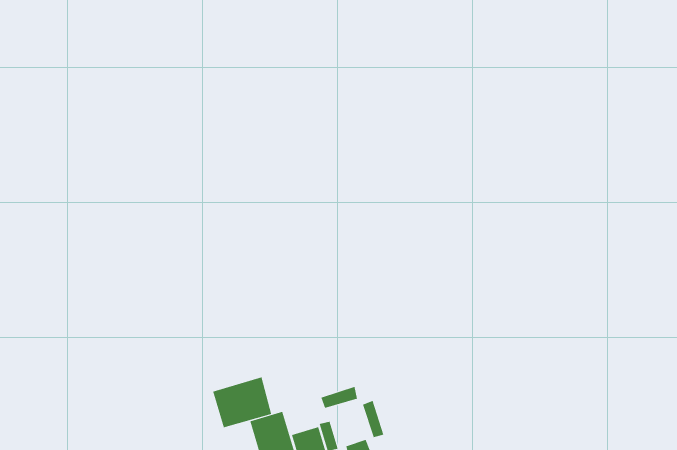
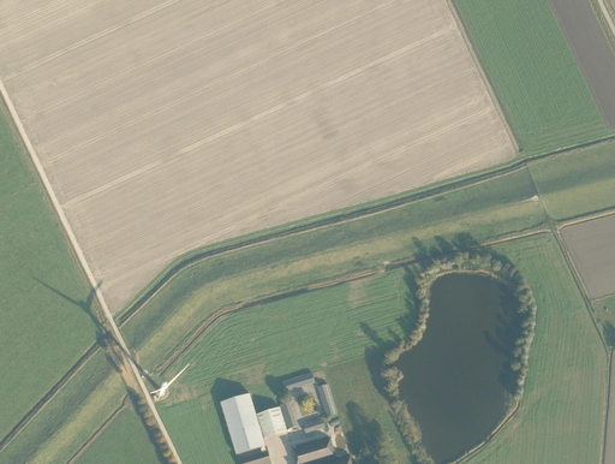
building: [212,377,272,428] -> none

